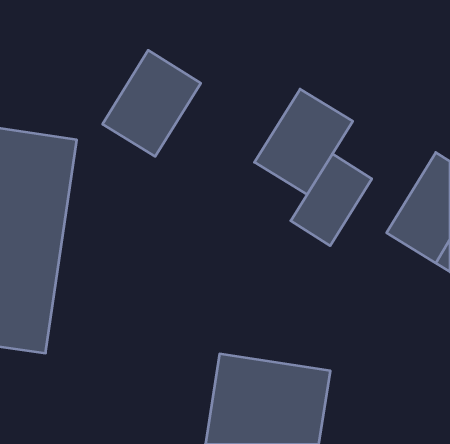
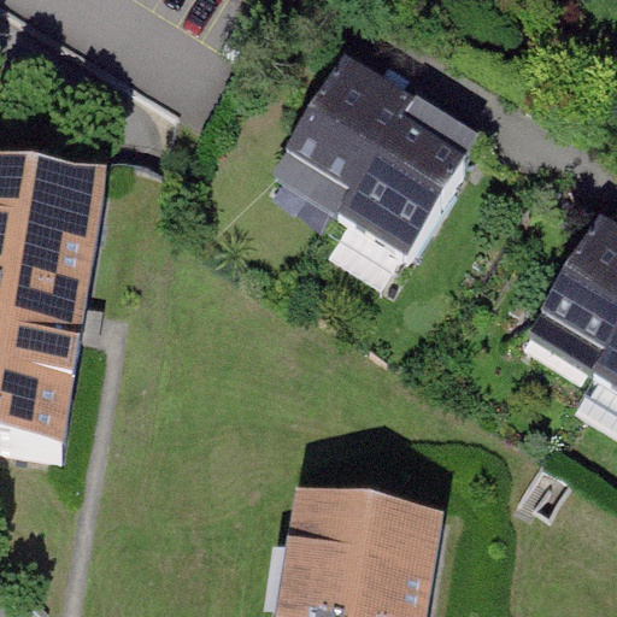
building: [103,50,201,156] -> [272,76,405,219]
building: [291,154,372,246] -> none

